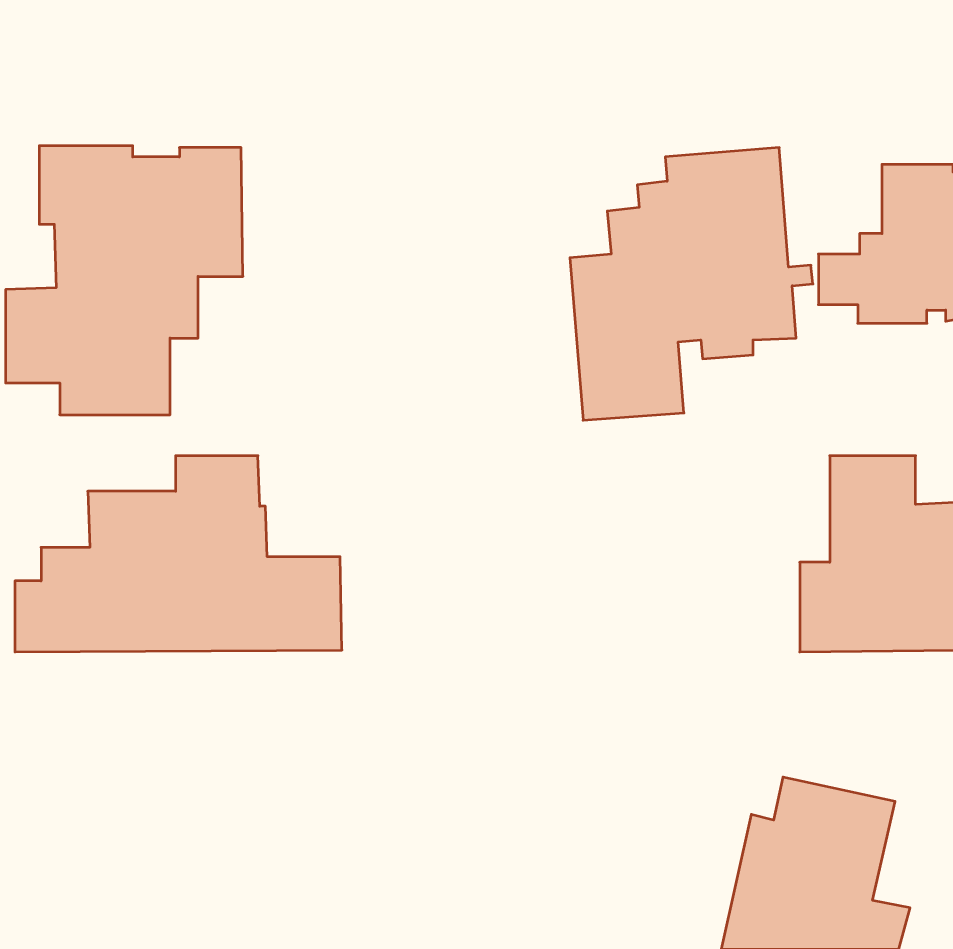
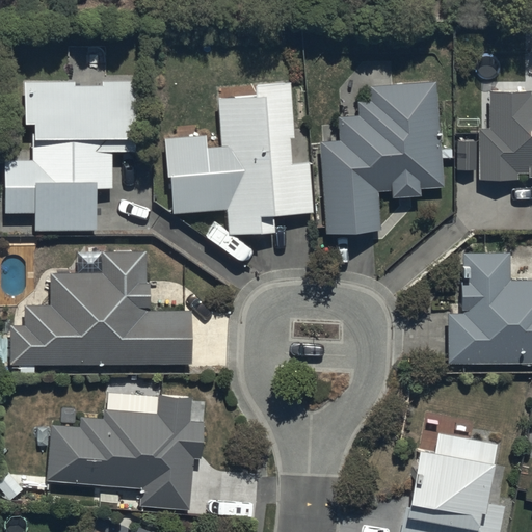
building: none -> [165,83,313,238]
building: none -> [47,393,203,510]

